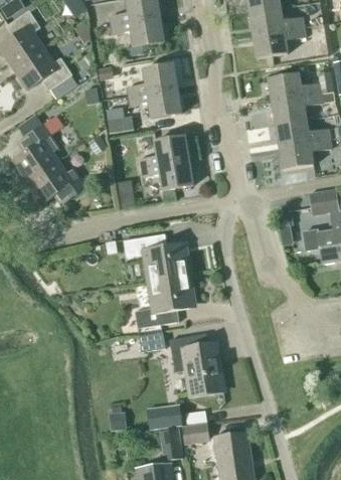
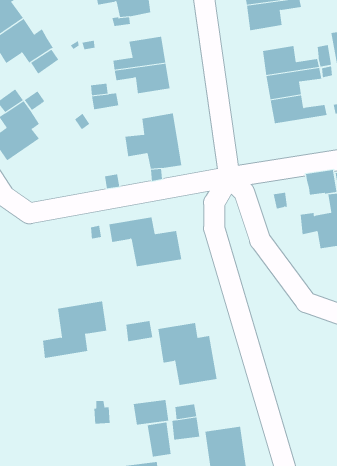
building: [279,138,330,169] -> none
building: [27,160,87,203] -> none
building: [135,274,196,328] -> [42,301,107,359]

